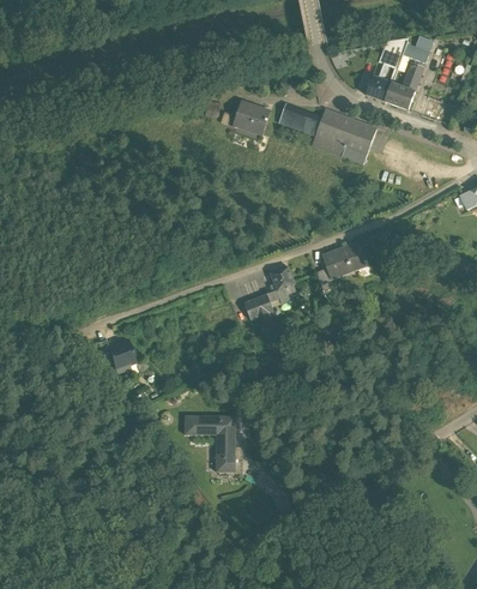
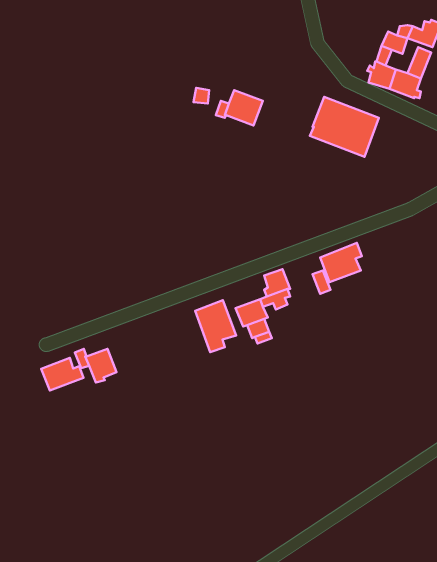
building: [278,104,319,136] -> none
building: none -> [195,300,236,352]
building: none -> [41,358,83,390]
building: [183,415,241,471] -> none

